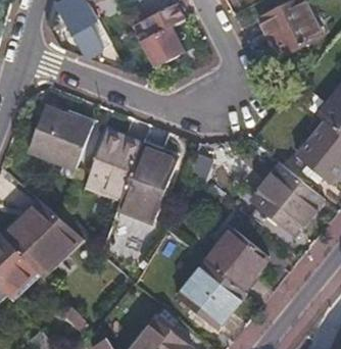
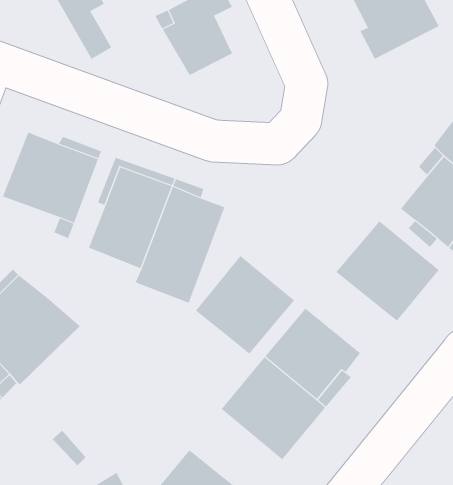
building: none -> [195,255,295,355]

